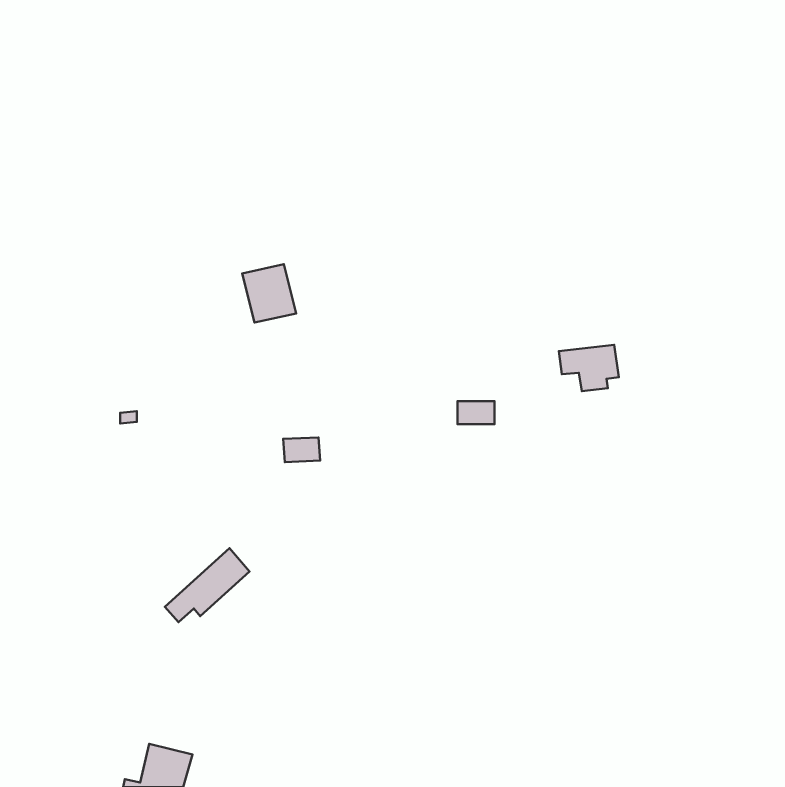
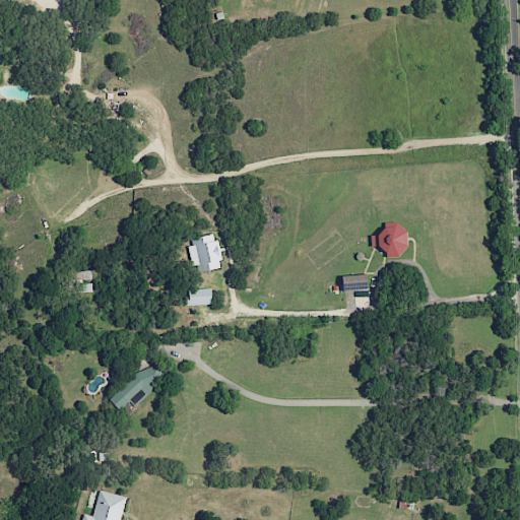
building: [242,264,296,323] -> [187,234,222,272]
building: [458,401,495,424] -> [342,275,367,290]

